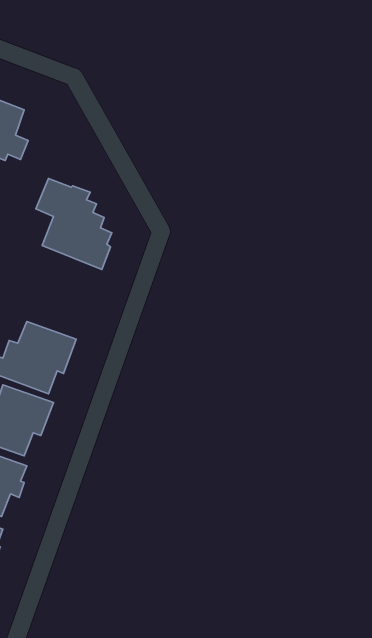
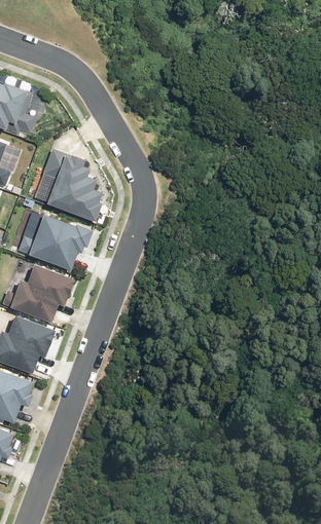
building: none -> [16,214,93,270]

